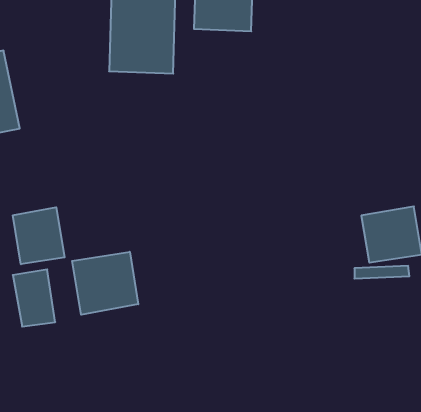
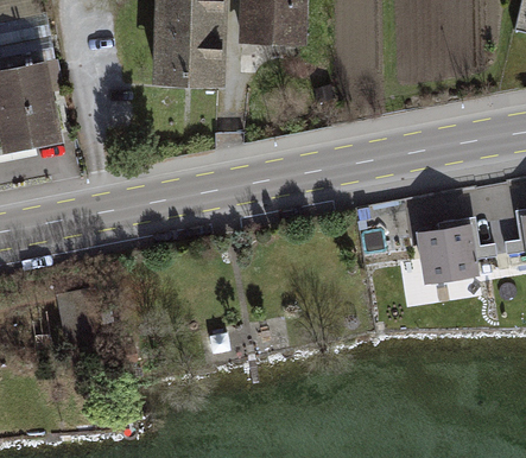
building: [13,207,65,264] -> none
building: [72,252,138,315] -> none

